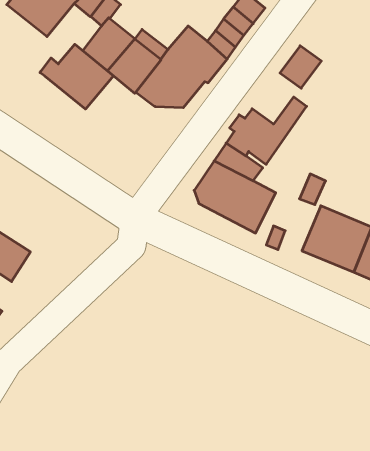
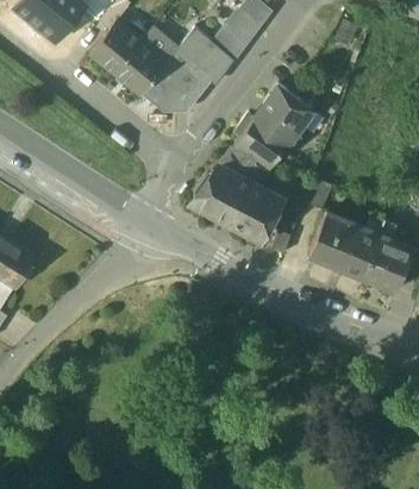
building: [40,44,113,109] -> none
building: [280,46,321,88] -> [258,84,300,127]

